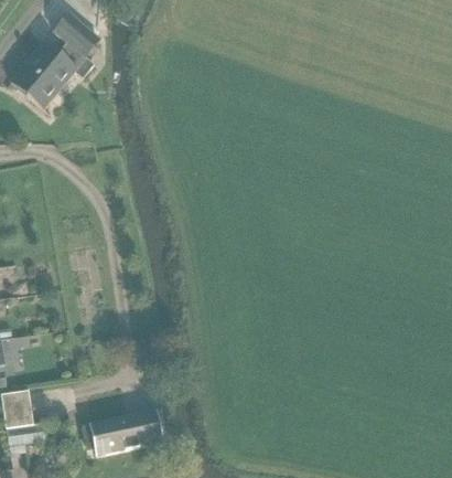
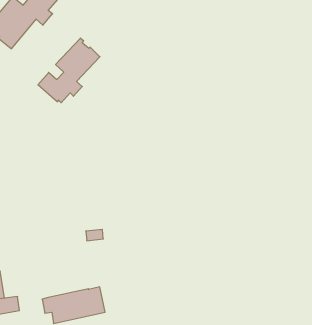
building: none -> [38,38,100,103]

